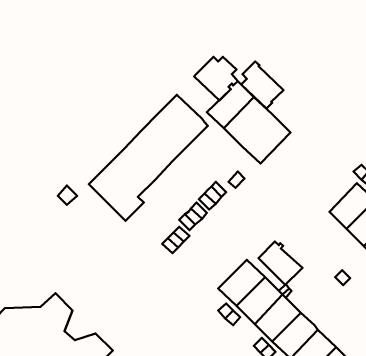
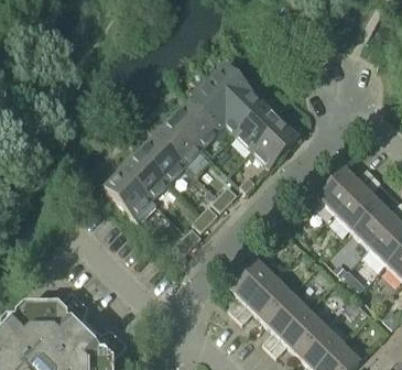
building: [241,62,284,109] -> [189,78,230,123]
building: none -> [318,168,362,213]
building: [259,241,302,285] -> none

